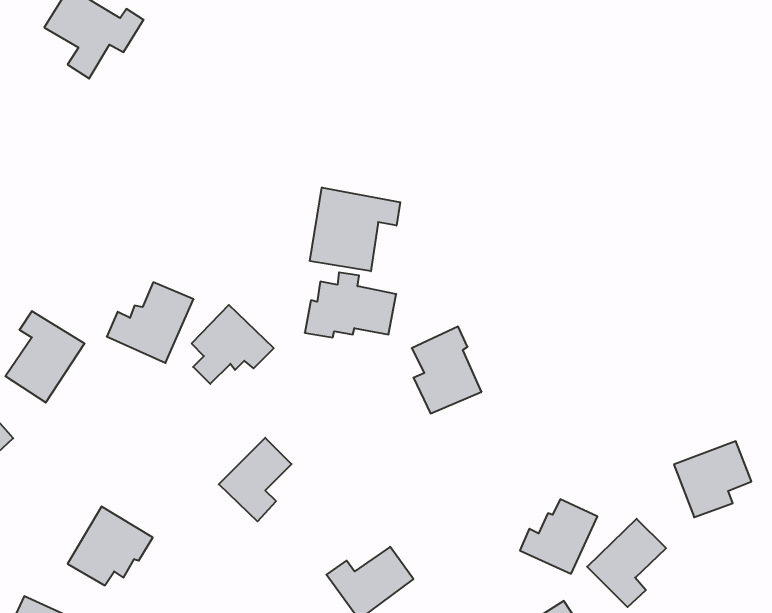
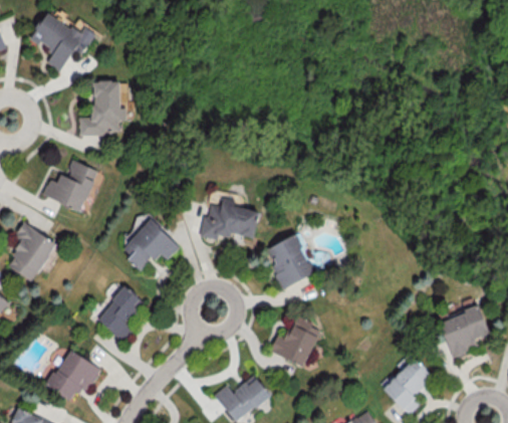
building: none -> [79,80,126,136]
building: [310,187,400,271] -> none
building: [107,282,194,363] -> [42,159,98,211]
building: [219,438,292,521] -> [96,286,144,341]
building: [520,499,597,574] -> [270,318,320,366]

